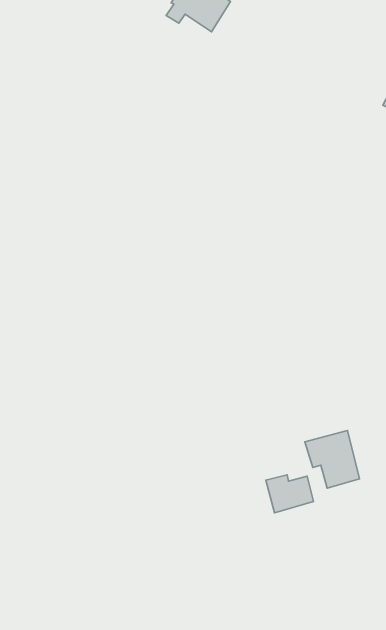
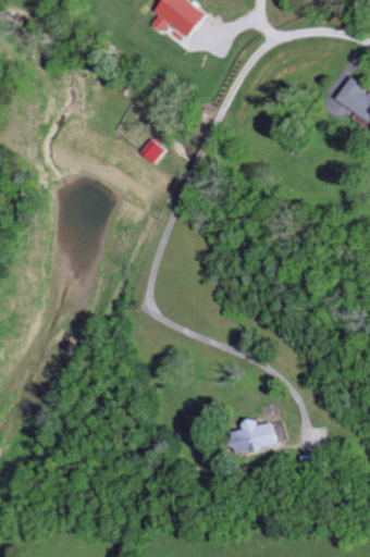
building: [305,430,359,488] -> none

